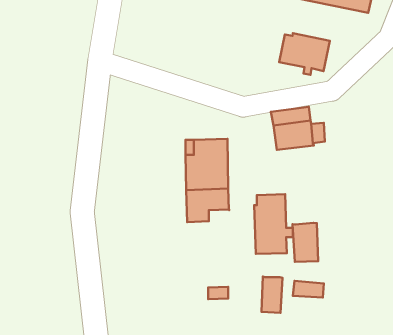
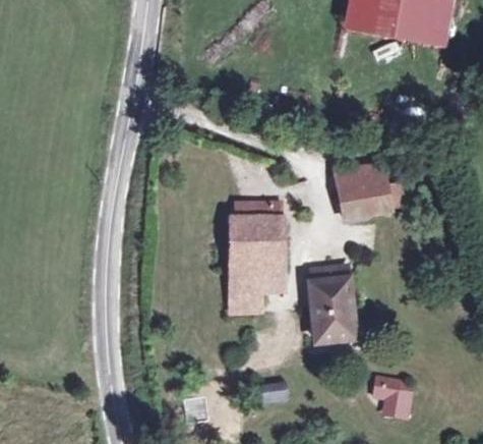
building: [279,33,330,75] -> none
building: [293,223,318,262] -> none
building: [261,277,283,313] -> none

